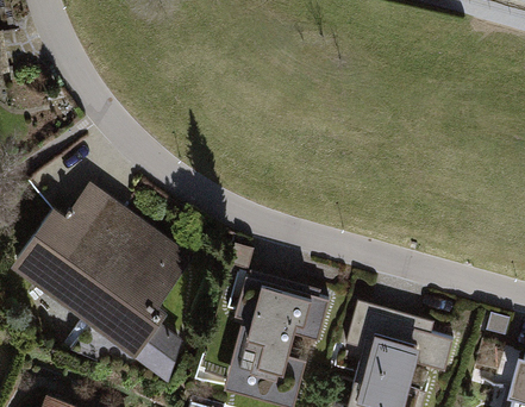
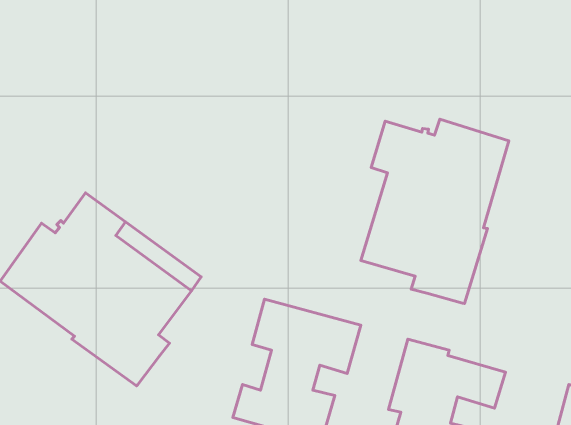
building: none -> [361,119,509,303]
building: [137,326,180,375] -> none

